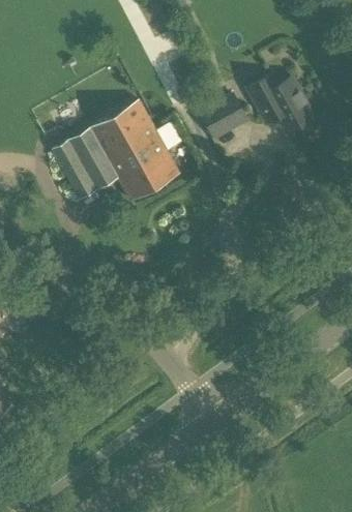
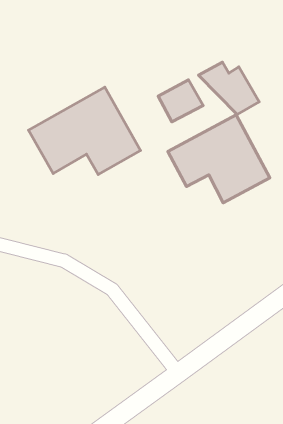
building: none -> [168,115,270,203]

